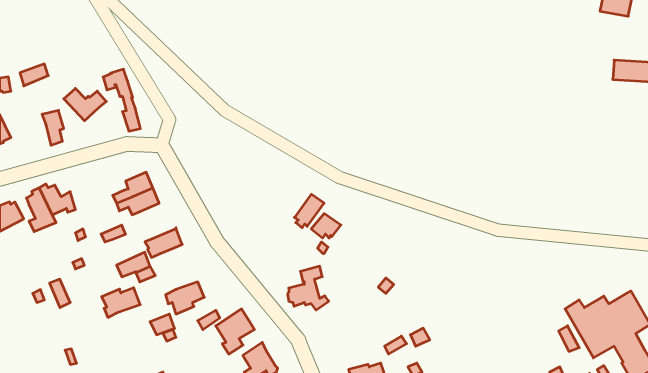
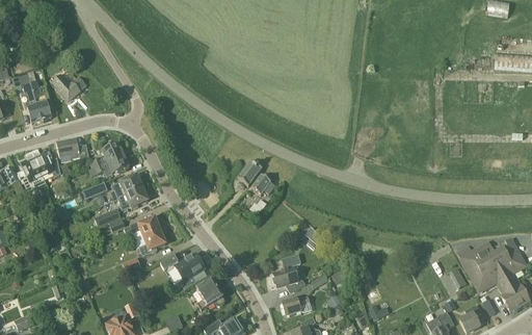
building: [103,69,140,131] -> [11,72,42,122]
building: none -> [56,136,88,157]
building: none -> [111,174,142,198]
building: [288,266,329,310] -> [272,255,305,290]
building: [102,288,140,317] -> [129,216,160,240]

